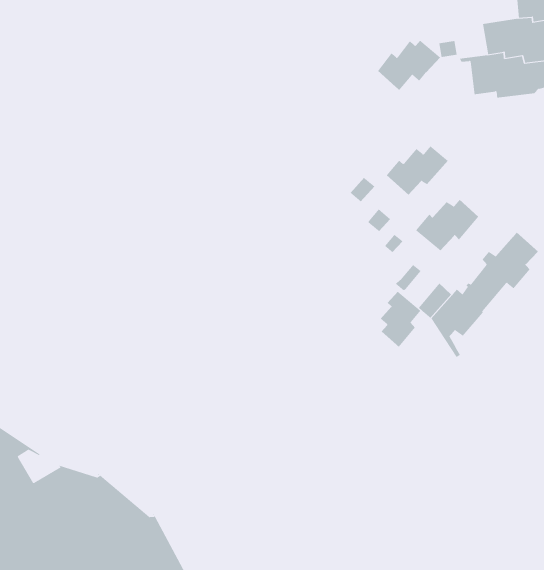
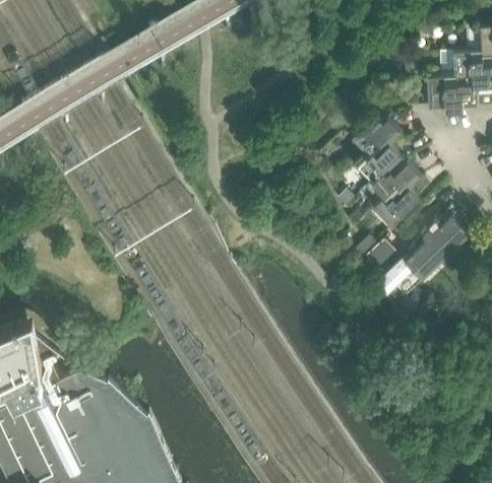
building: [377,40,441,91] -> [351,118,402,156]
building: none -> [369,157,421,200]
building: [380,291,421,347] -> none

